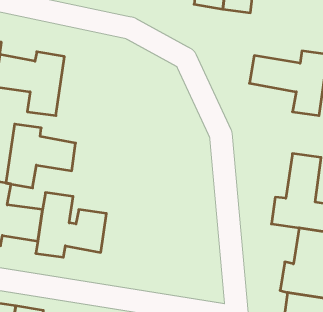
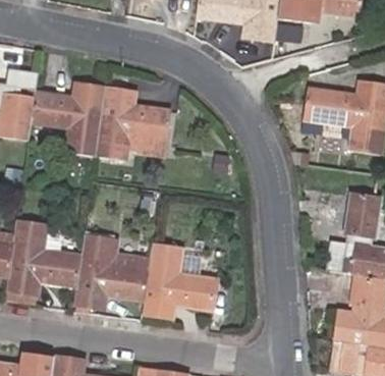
building: [6,124,76,188] -> [98,90,172,158]
building: none -> [144,244,217,316]

